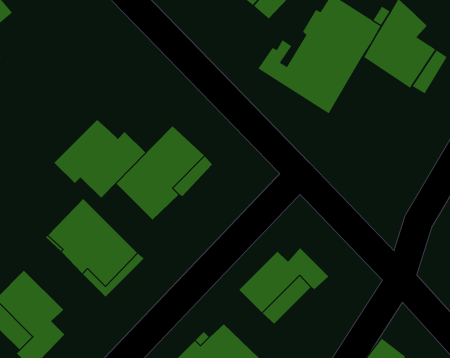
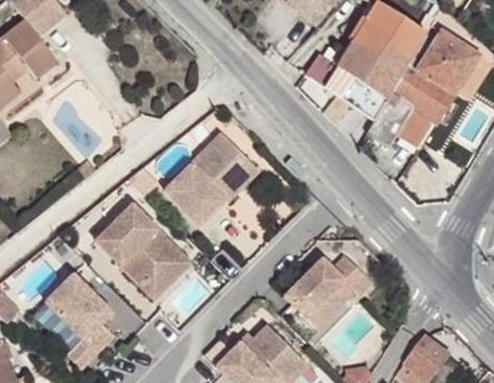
building: none -> [364,66,451,152]
building: [53,119,146,198] -> none

